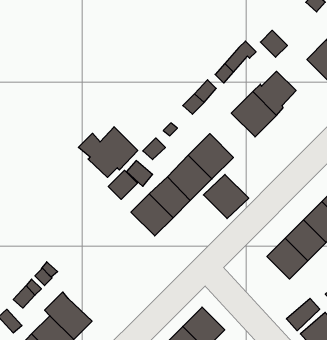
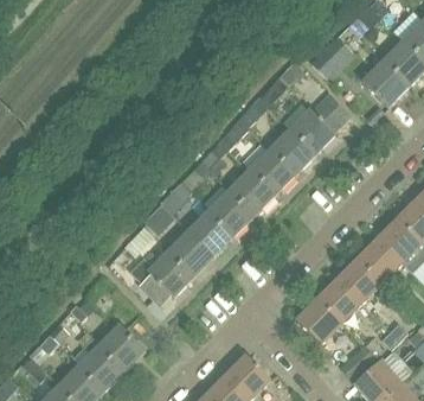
building: [78,127,138,177] -> [129,249,194,305]
building: [203,174,249,219] -> [255,140,304,189]
building: none -> [296,298,342,344]
building: none -> [99,324,146,369]

